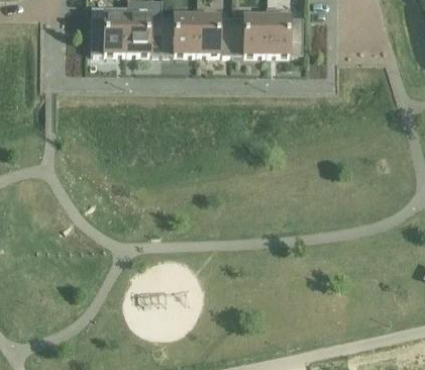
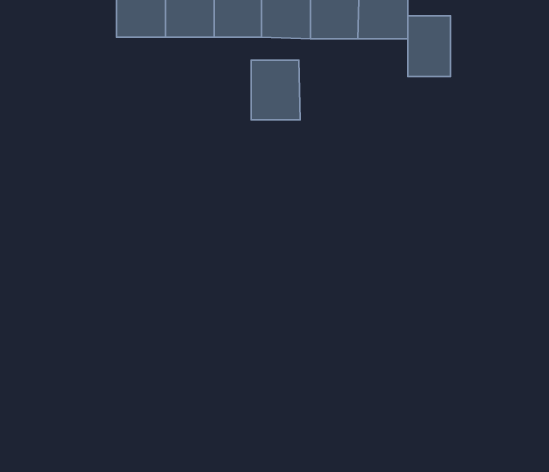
building: none -> [408,16,451,76]
building: none -> [251,60,300,120]

